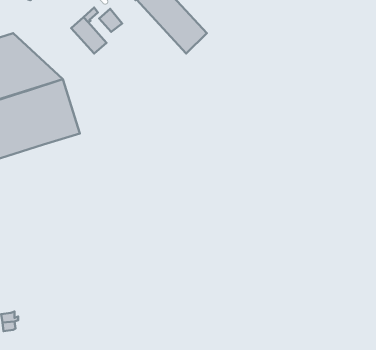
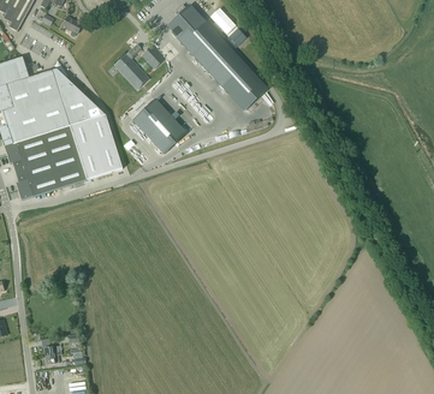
building: none -> [227,68,267,109]
building: none -> [132,98,185,153]

